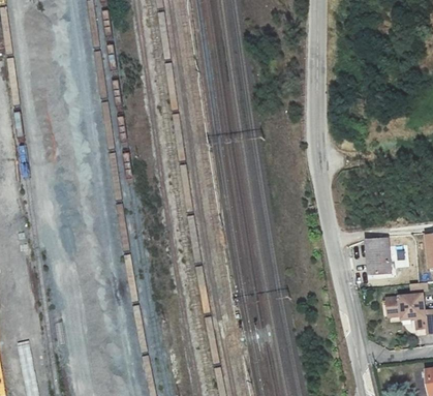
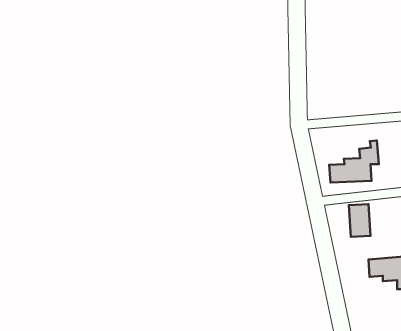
building: none -> [329,140,379,183]

